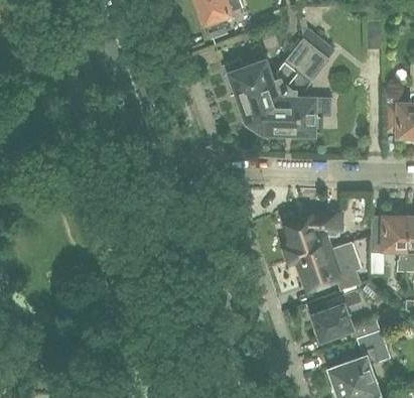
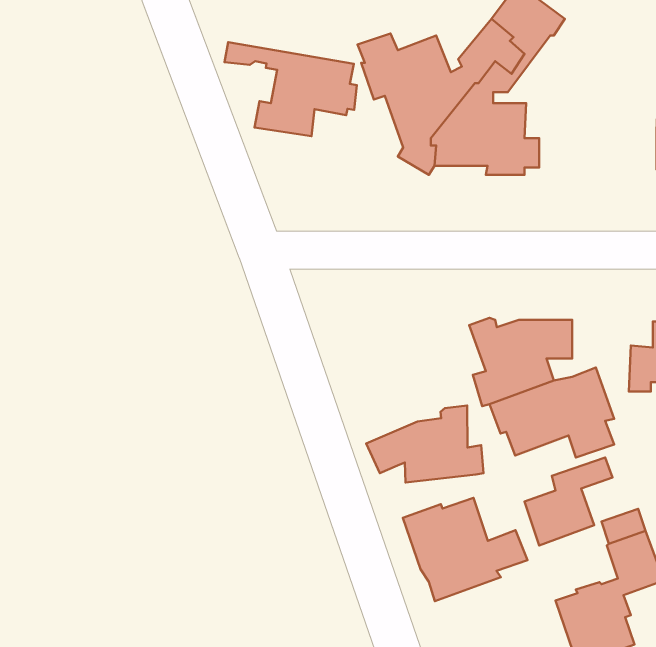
building: none -> [224,42,357,136]
building: none -> [366,405,484,483]
building: none -> [403,498,528,601]

